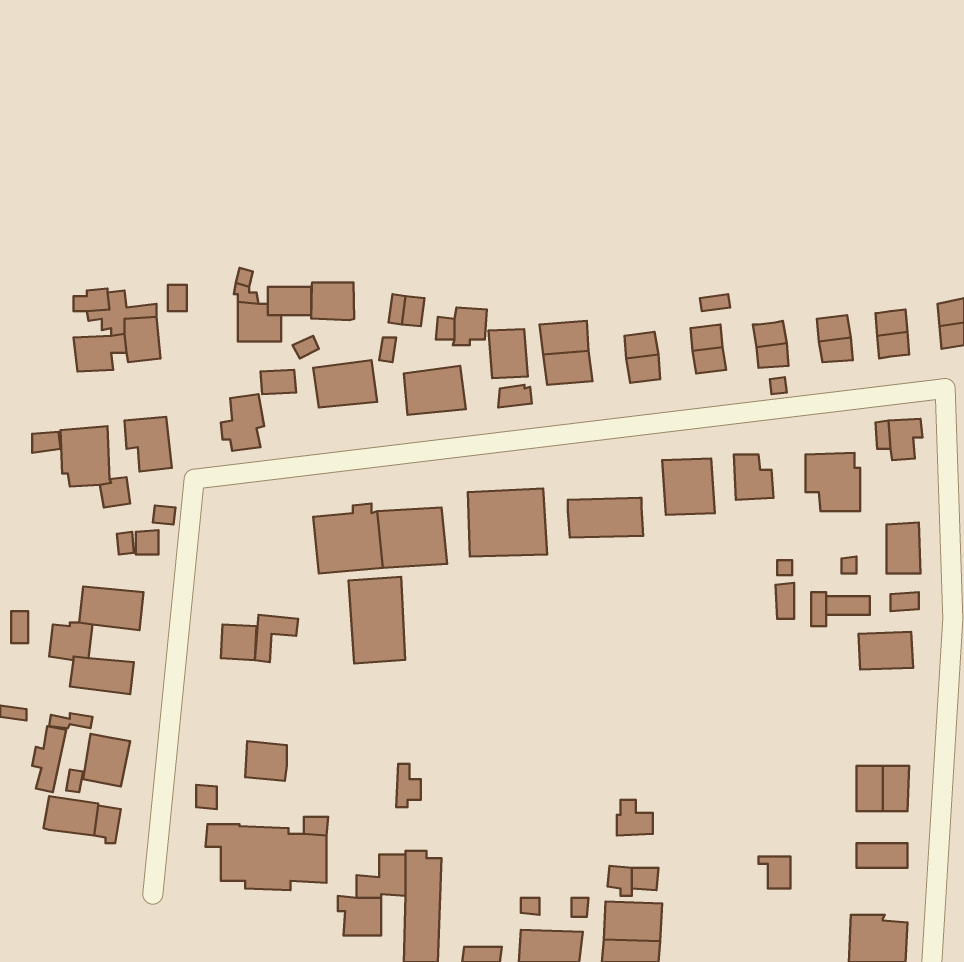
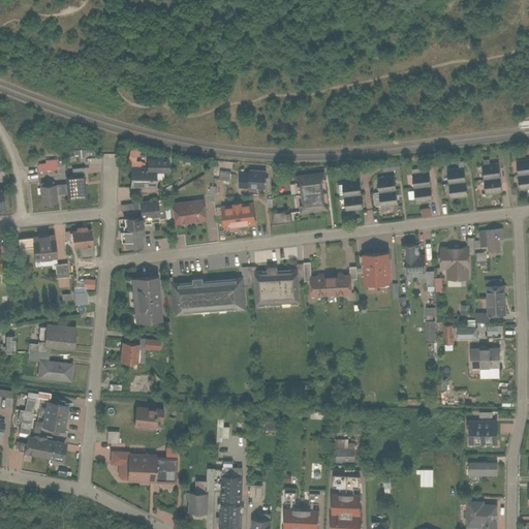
building: [311,283,354,320] -> none
building: [488,329,528,378] -> none
building: [348,577,405,664] -> [131,274,162,321]

